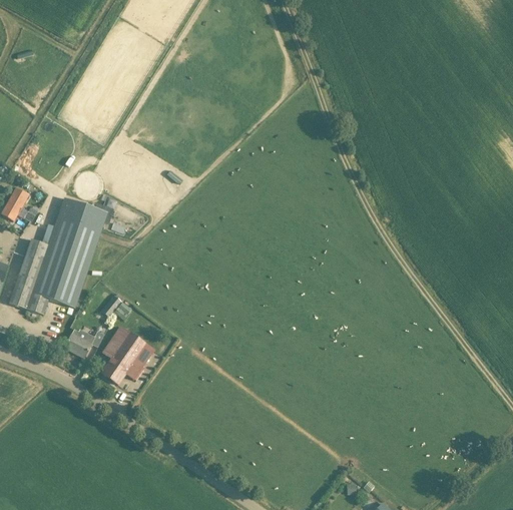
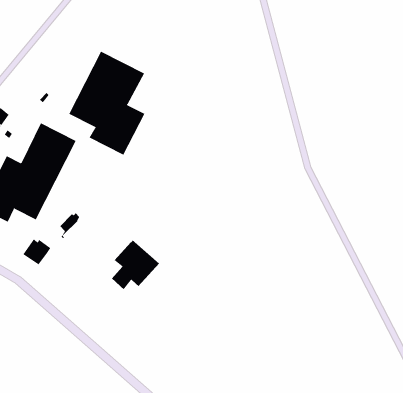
building: none -> [68,51,145,156]
building: [102,326,154,384] -> [111,239,160,290]

